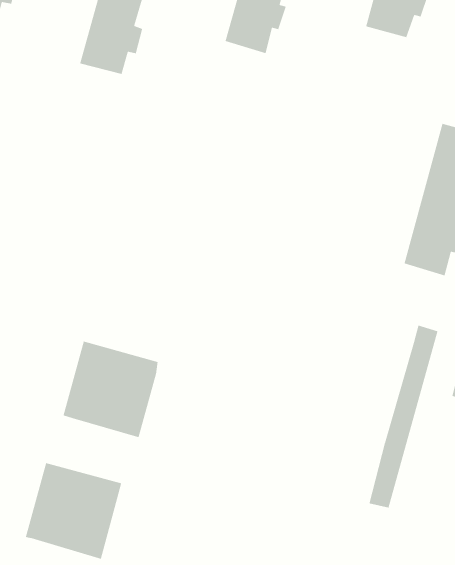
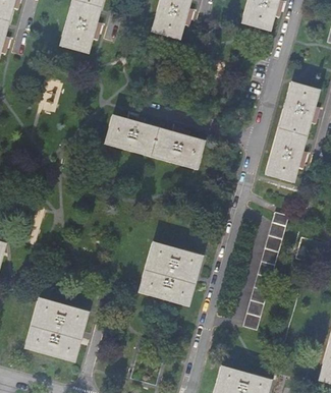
building: none -> [105,116,202,167]
building: [62,341,158,438] -> [139,242,200,304]

